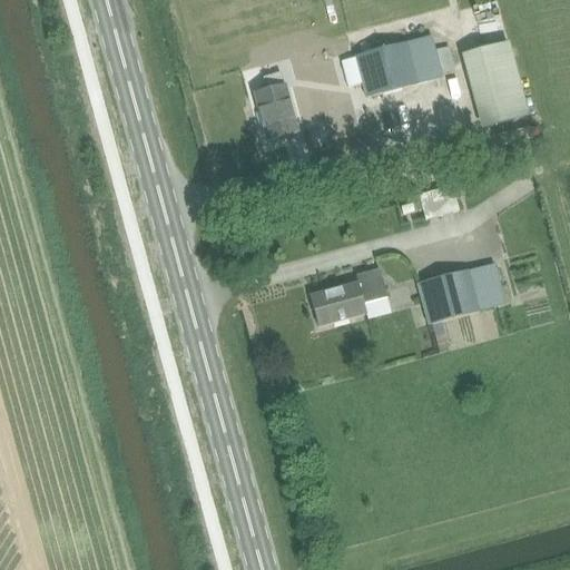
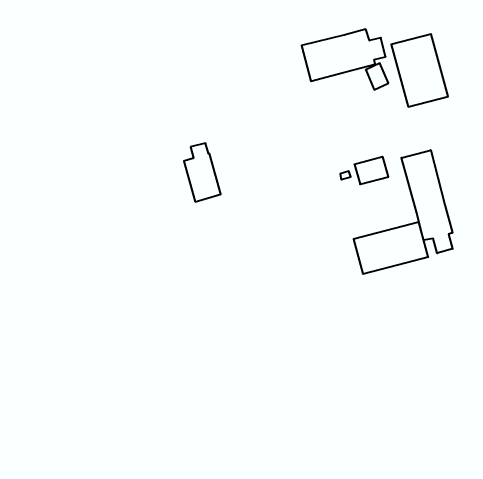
building: [254,70,297,139] -> [184,143,221,202]
building: none -> [401,150,453,253]
building: [309,275,386,324] -> none

